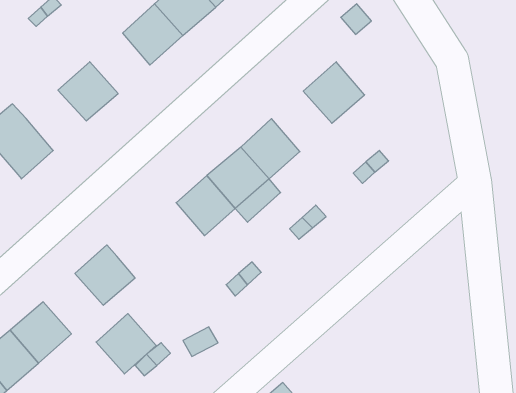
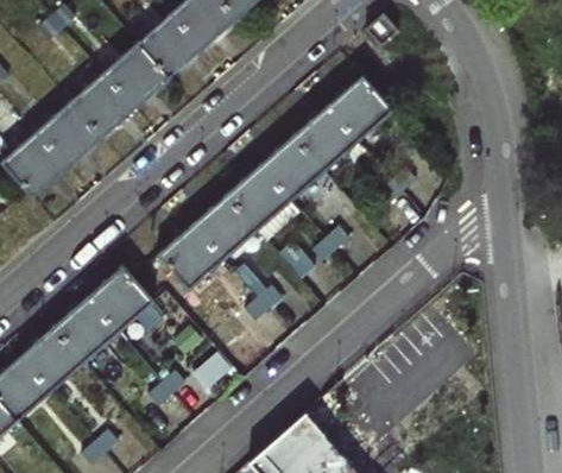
building: none -> [101,48,164,111]
building: none -> [34,107,97,170]
building: none -> [291,108,354,171]
building: none -> [157,225,221,289]
building: [96,314,156,374] -> [52,298,115,361]

